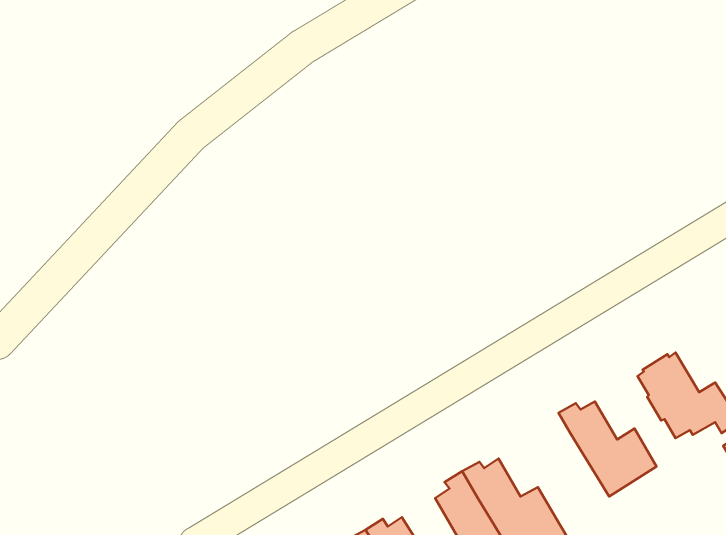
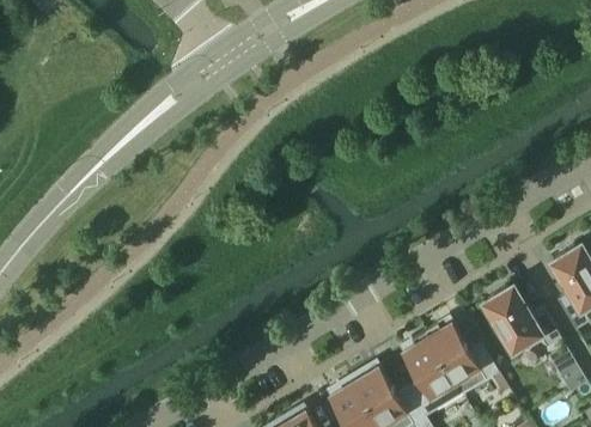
building: none -> [403,333,462,417]

